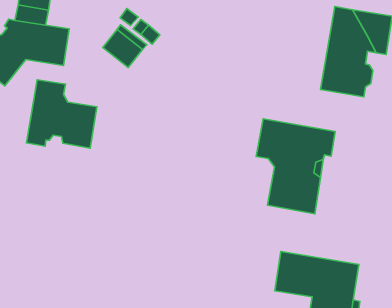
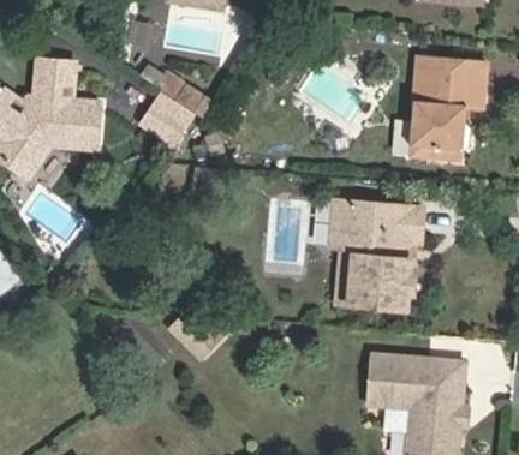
building: [27,80,97,148] -> none

